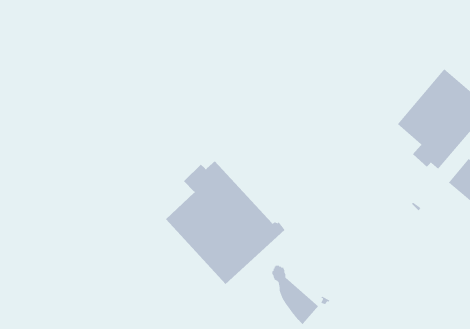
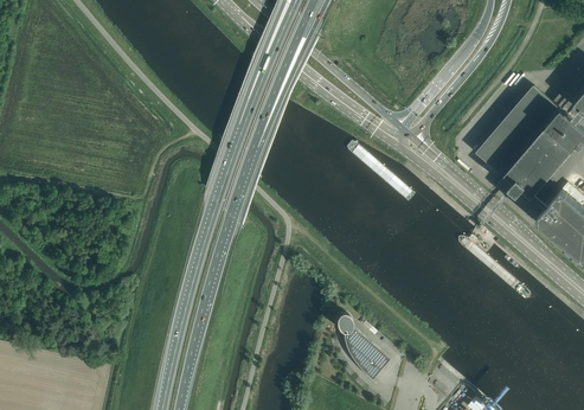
building: [165,161,285,285] -> none

